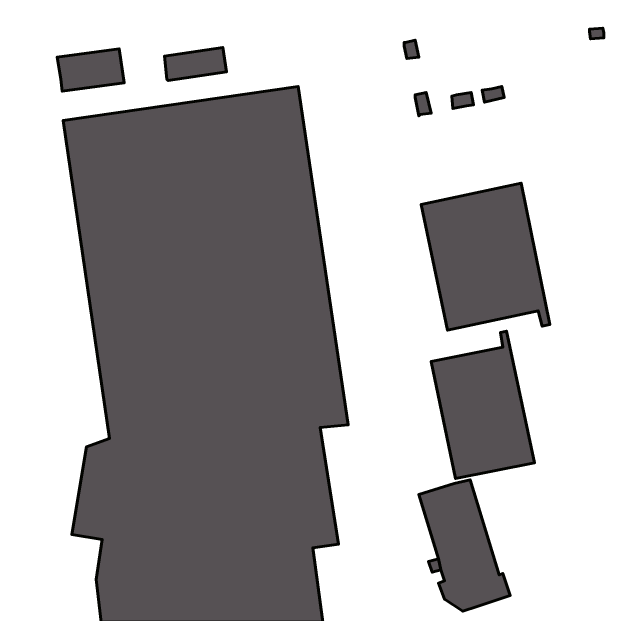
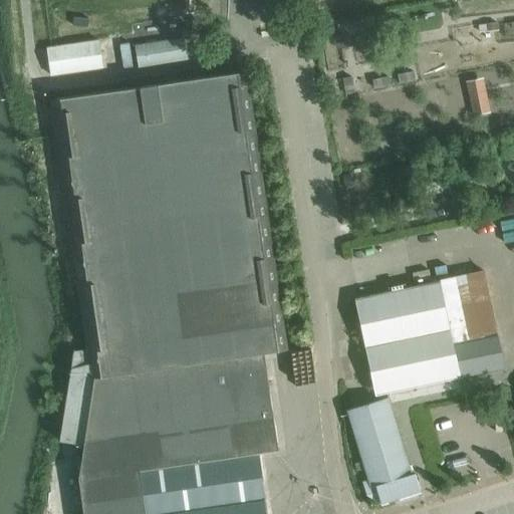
building: none -> [468,80,491,116]
building: [421,183,550,330] -> none
building: none -> [419,270,506,382]

